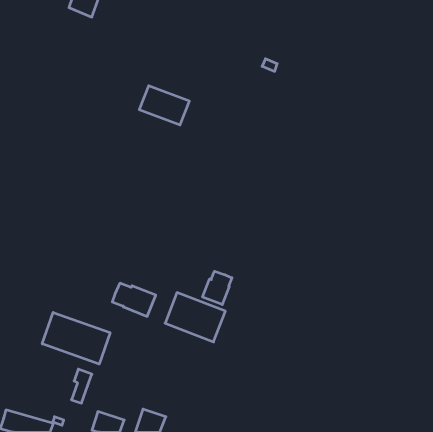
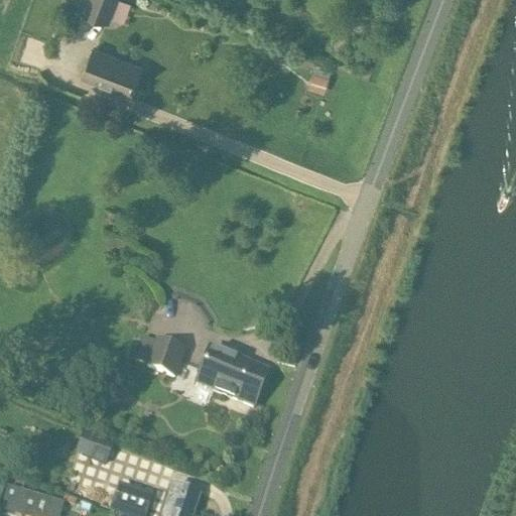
building: [139,86,189,125] -> [84,46,143,93]
building: [203,271,232,305] -> none
building: [42,312,110,364] -> none

